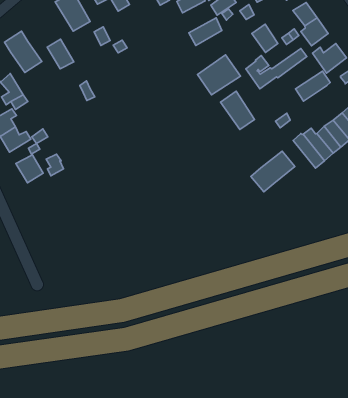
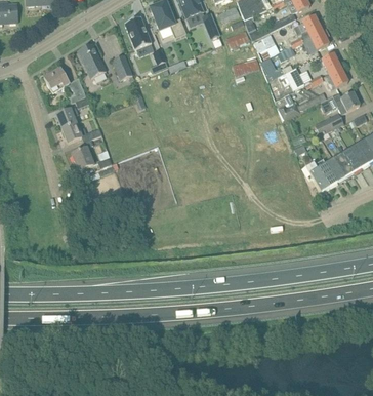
building: [198,55,240,95] -> none
building: [221,91,255,129] -> none
building: [251,151,295,192] -> none

